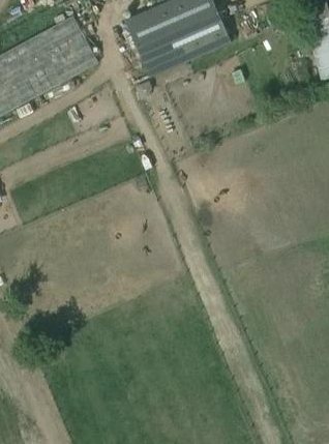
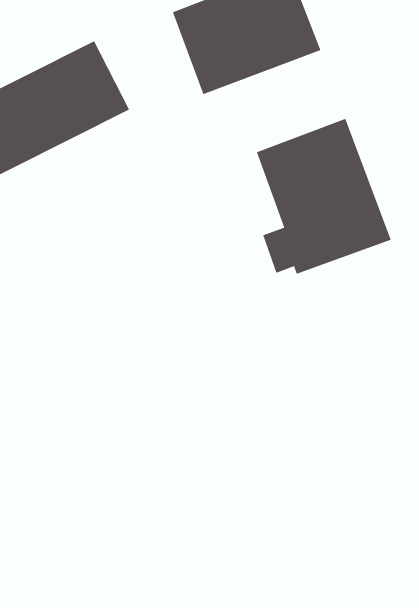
building: none -> [256,118,392,275]

